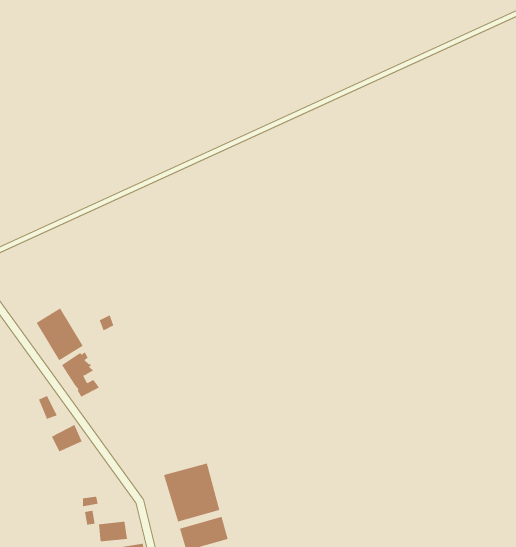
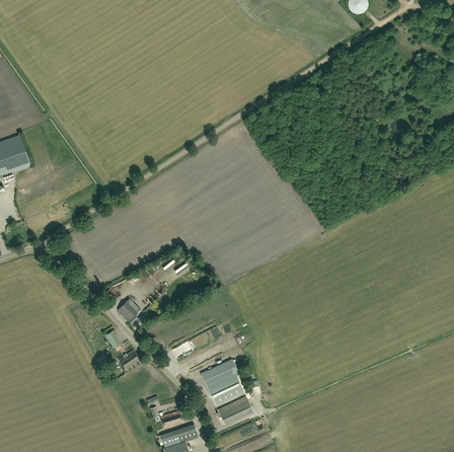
building: [36,308,84,361] -> none

